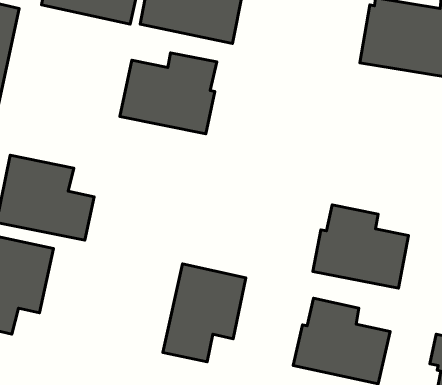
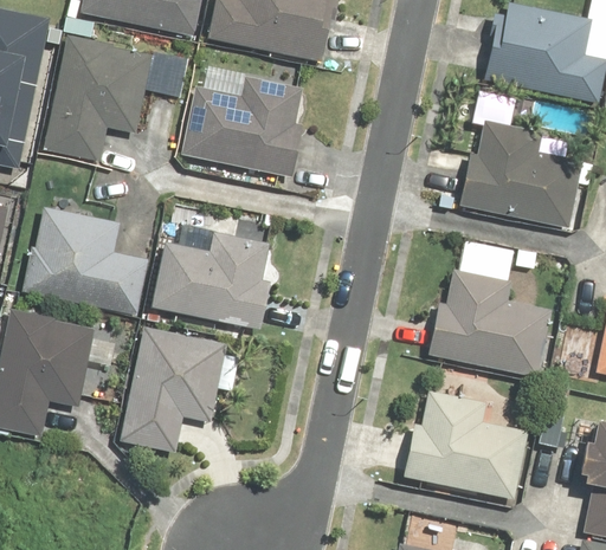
building: none -> [43,34,153,161]
building: none -> [459,118,582,228]
building: none -> [150,229,271,330]
building: [163,264,246,362] -> [120,326,226,452]

